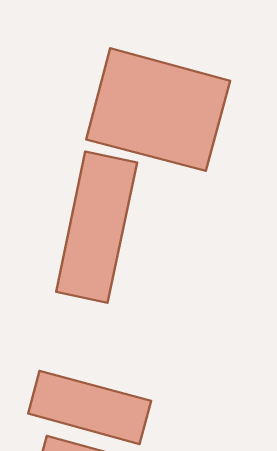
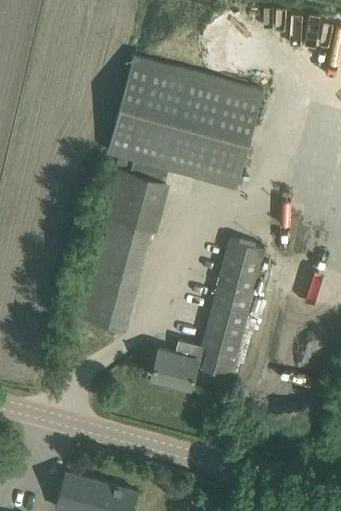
building: none -> [152,240,266,389]
building: [28,371,151,444] -> none

